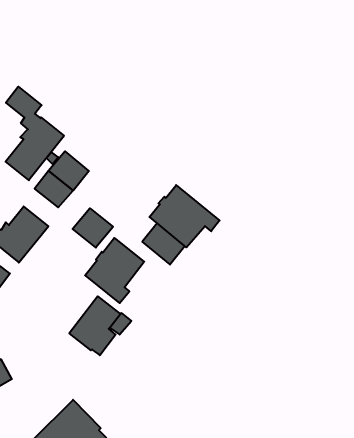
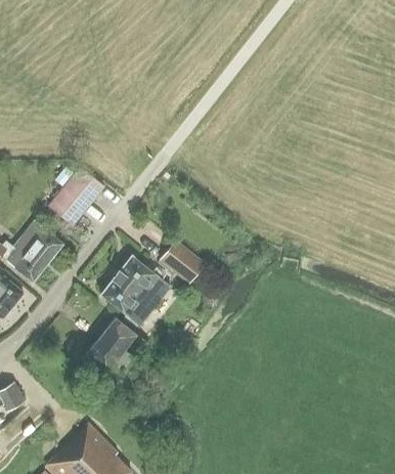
building: [6,87,64,180] -> none
building: [149,185,220,247] -> none
building: [73,208,113,248] -> none

